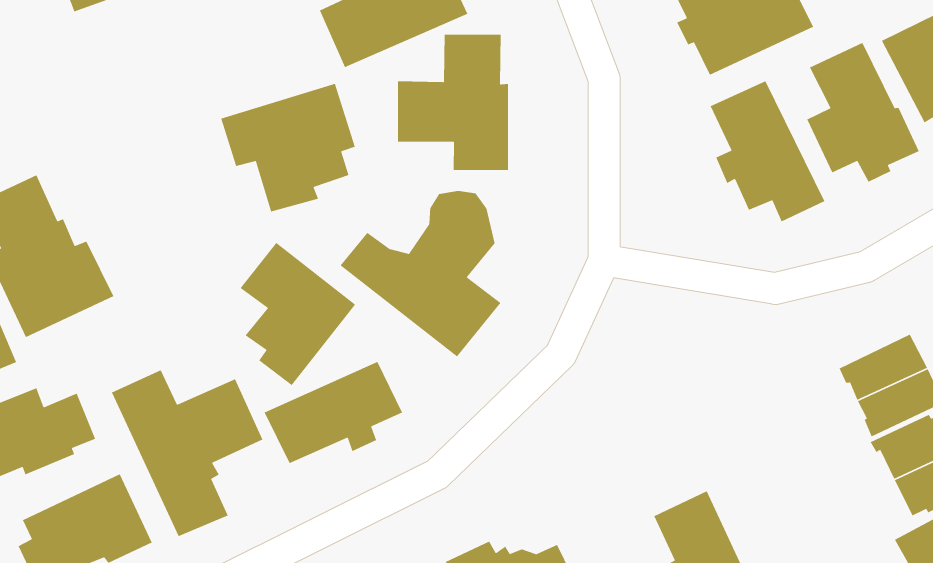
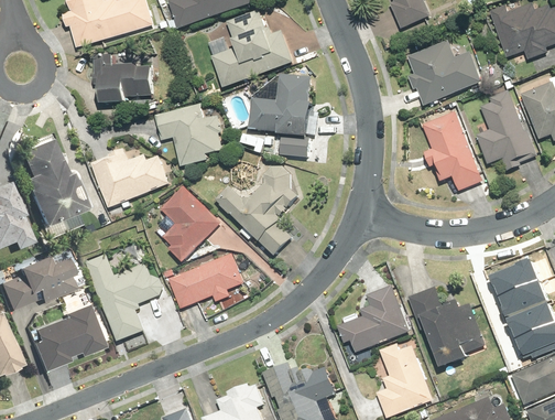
building: none -> [92,53,154,107]
building: none -> [88,147,167,207]
building: none -> [406,281,485,362]
building: none -> [336,280,407,346]

